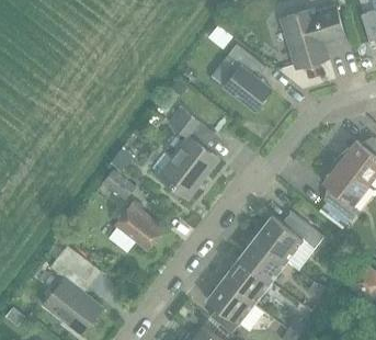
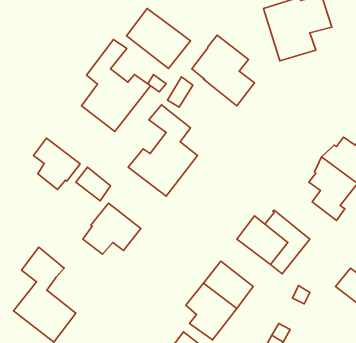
building: none -> [127,8,191,69]
building: none -> [81,40,150,131]
building: none -> [34,138,80,189]
building: [239,237,286,282] -> none

